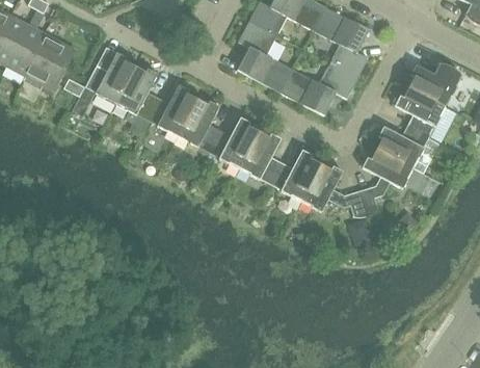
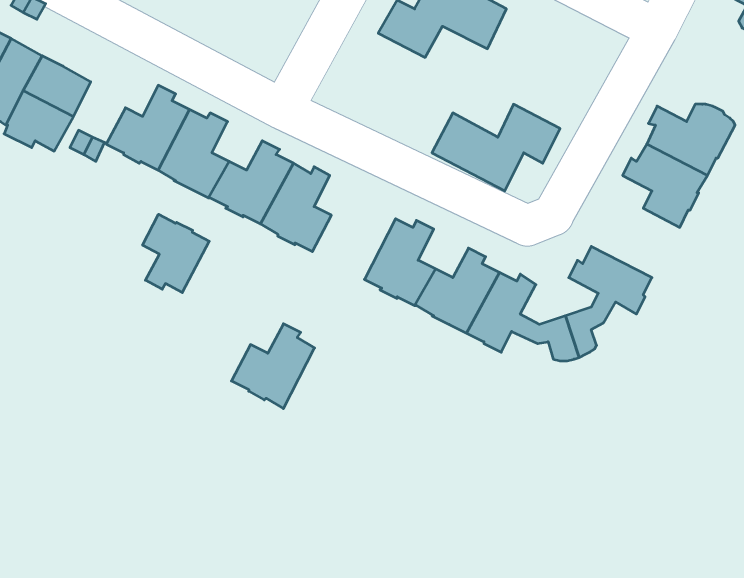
building: [314,6,369,78] -> none
building: [237,21,293,93] -> none
building: [209,117,259,168] -> [231,324,315,409]
building: [376,126,429,167] -> none
building: none -> [143,214,209,293]

